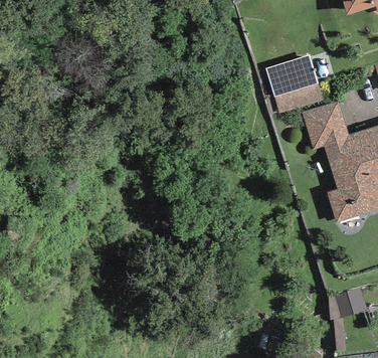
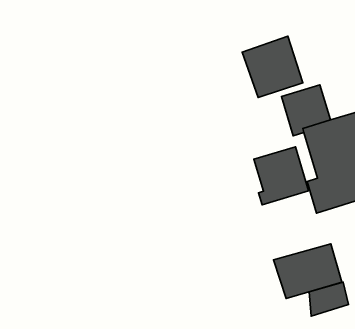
building: none -> [254,147,309,205]
building: none -> [274,244,342,298]

